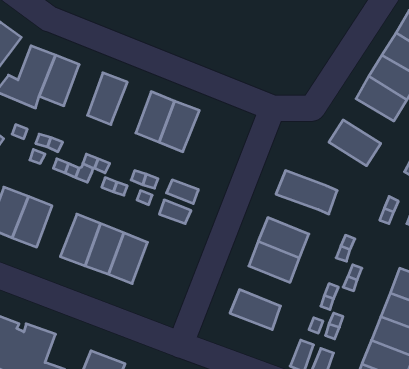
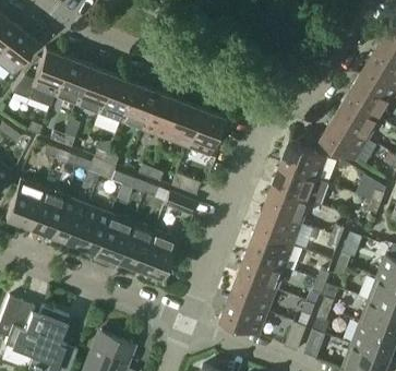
building: none -> [75,67,111,113]
building: none -> [119,83,156,130]
building: none -> [334,98,381,140]
building: none -> [185,109,224,156]
building: none -> [280,142,327,179]
building: none -> [264,187,311,224]
building: none -> [50,198,87,244]
building: none -> [139,231,176,278]
building: none -> [238,253,285,290]
building: none -> [220,297,268,335]

